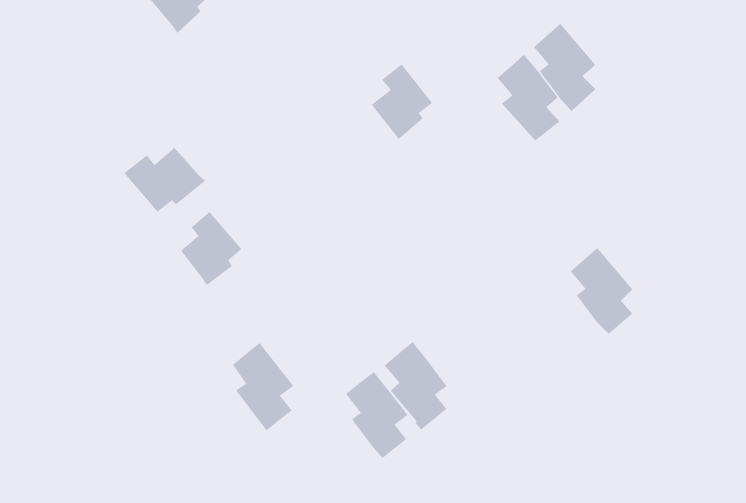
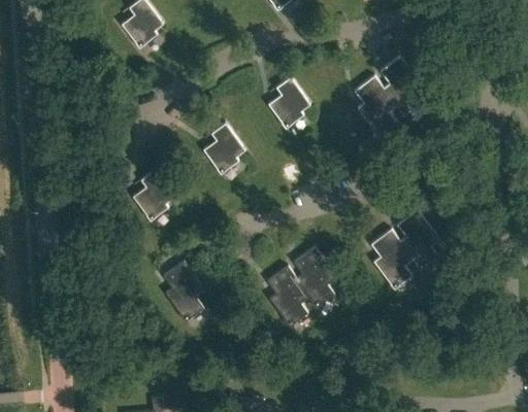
building: none -> [203,123,245,174]
building: [123,147,206,212] -> none
building: none -> [371,229,412,289]
building: [345,371,409,459] -> [294,247,336,307]

